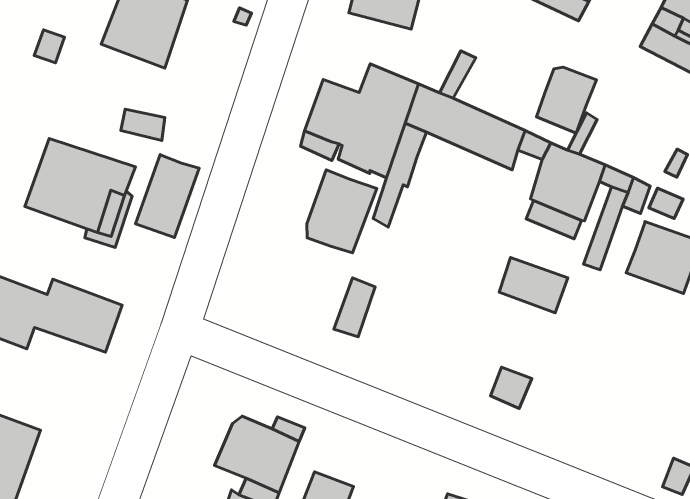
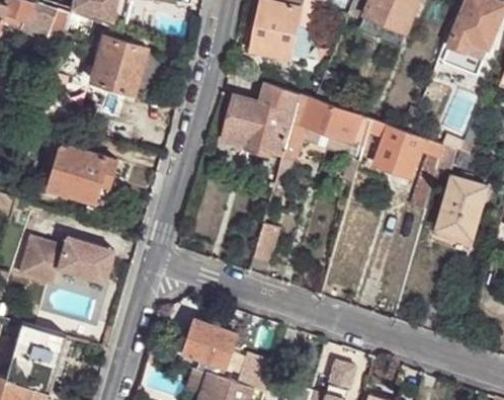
building: [536,67,597,133] -> none
building: [135,154,199,237] -> none
building: [307,170,377,253] -> none
building: [499,257,568,313] -> [436,210,481,244]

